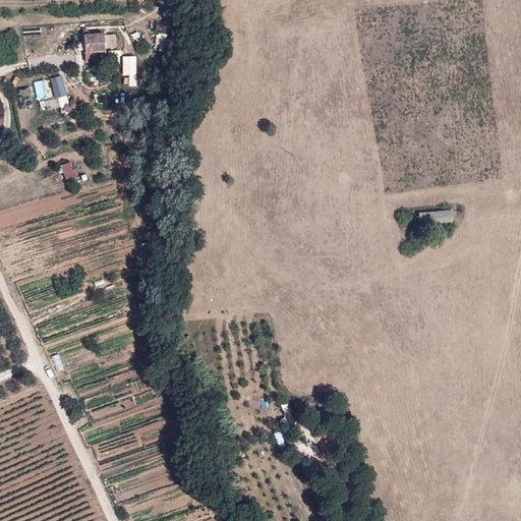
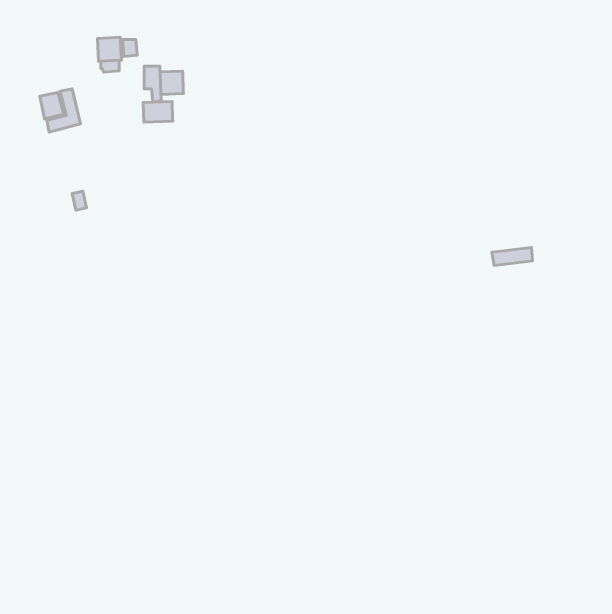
building: none -> [160,71,183,94]
building: none -> [143,101,173,122]

